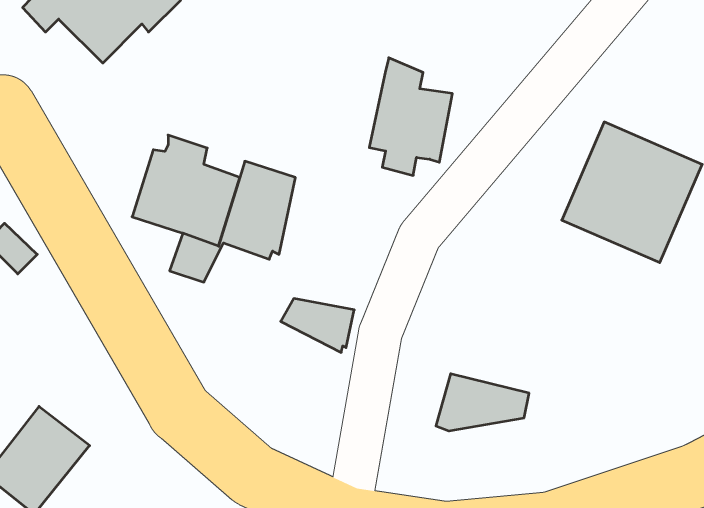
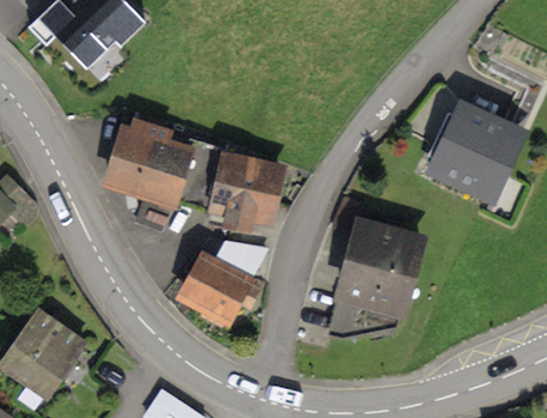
building: [369,58,452,175] -> [215,140,276,226]
building: none -> [341,224,418,308]
building: none -> [183,256,255,315]

